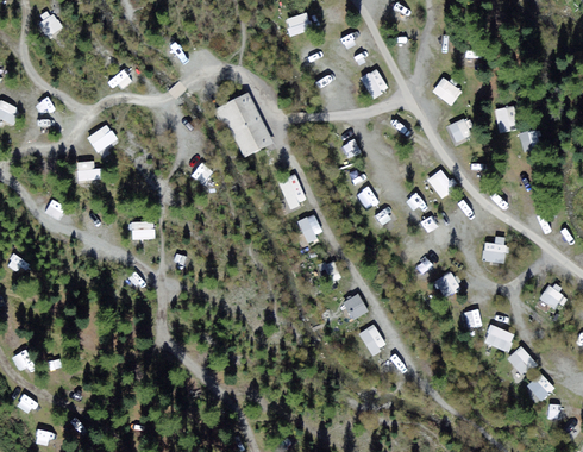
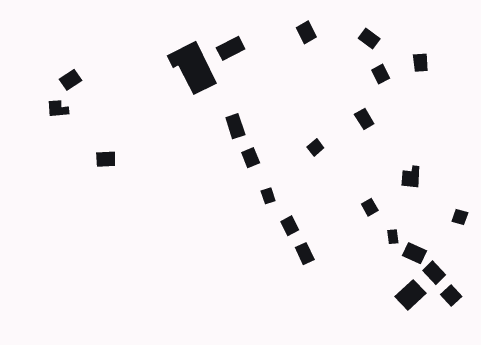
building: none -> [214,35,247,62]
building: none -> [393,278,428,312]

